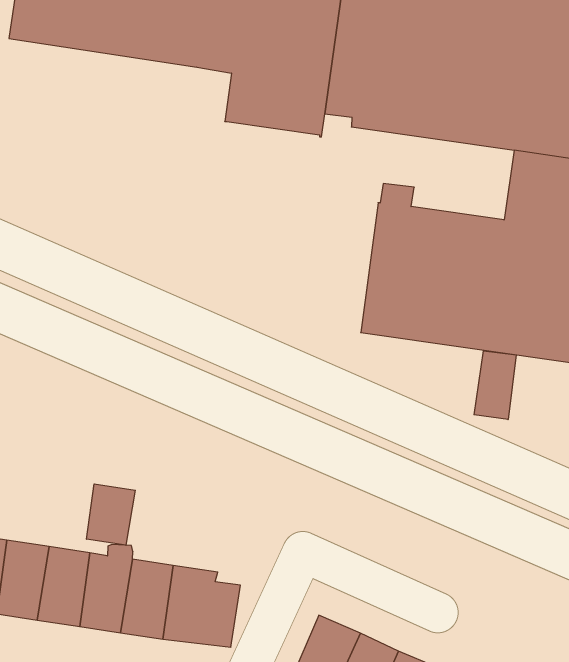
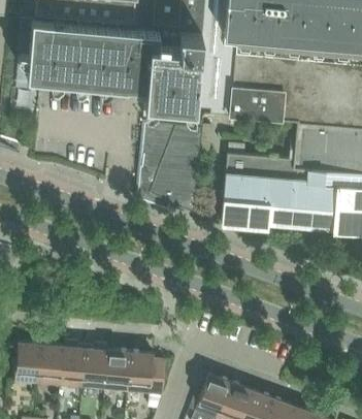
building: none -> [149,125,201,215]
building: [474,351,516,420] -> none
building: [87,484,135,545] -> none

